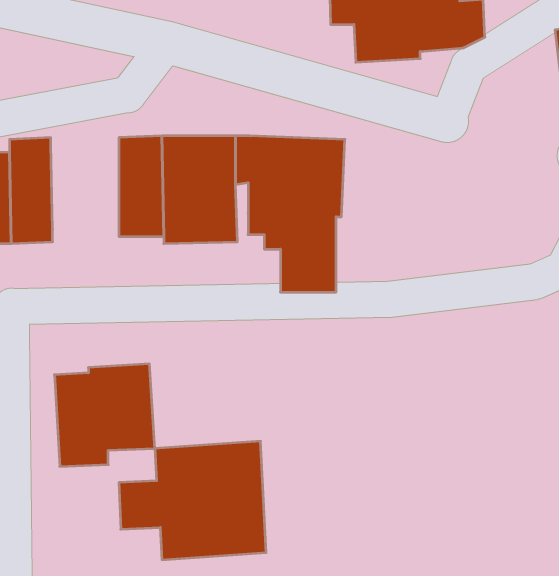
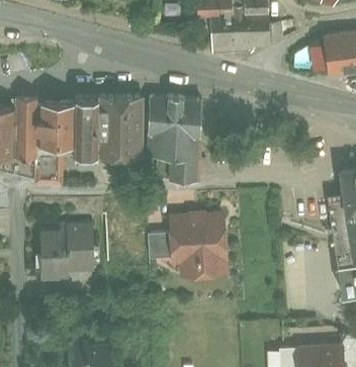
building: none -> [37,101,76,149]
building: [119,441,266,560] -> [147,212,230,279]

